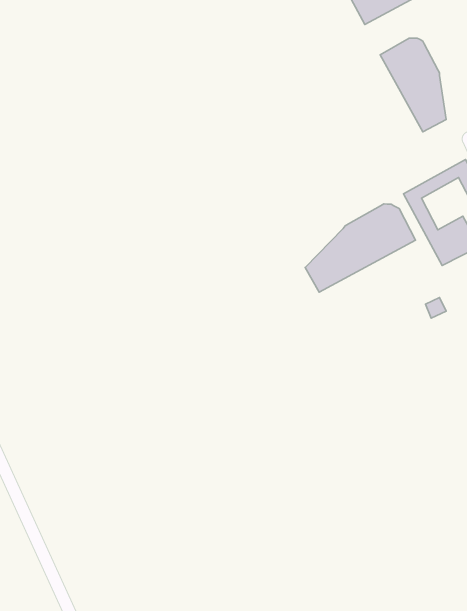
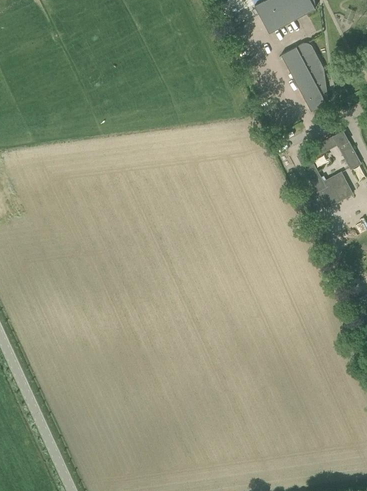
building: [305,204,416,292] -> none

